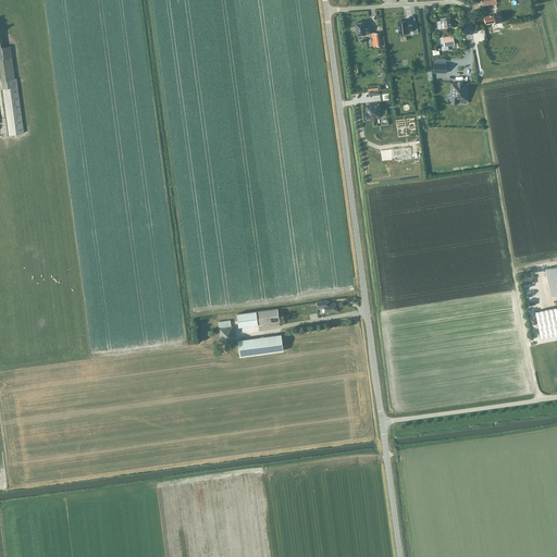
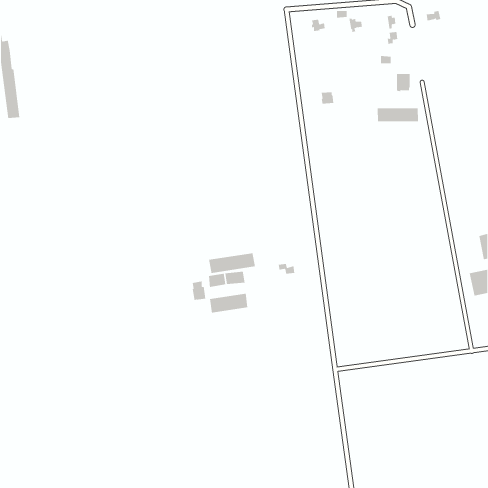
building: none -> [377,107,419,122]
building: none -> [209,252,255,274]

